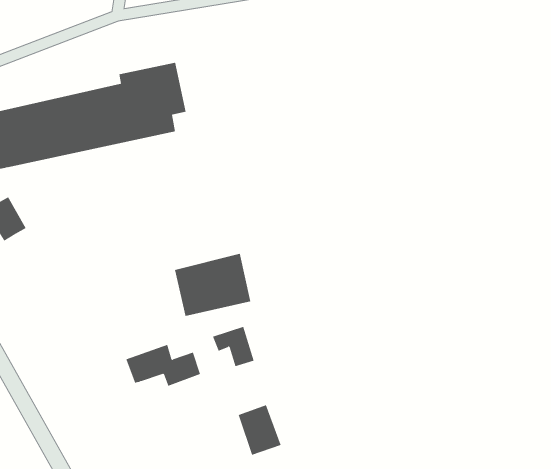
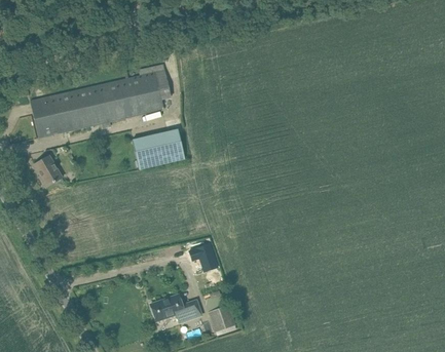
building: [174,253,251,316] -> [132,128,184,171]
building: [125,344,201,386] -> [150,294,201,322]

